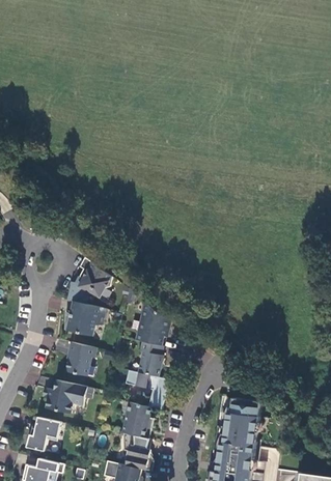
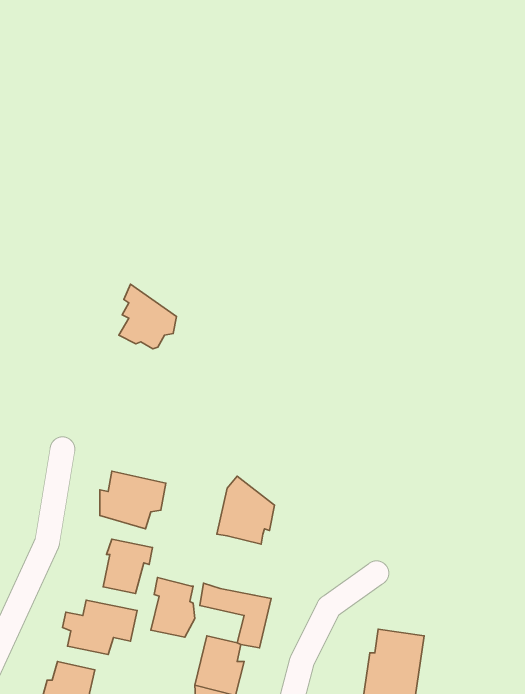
building: [76,257,111,296] -> [119,284,176,349]
building: [137,340,164,376] -> [151,578,195,637]

